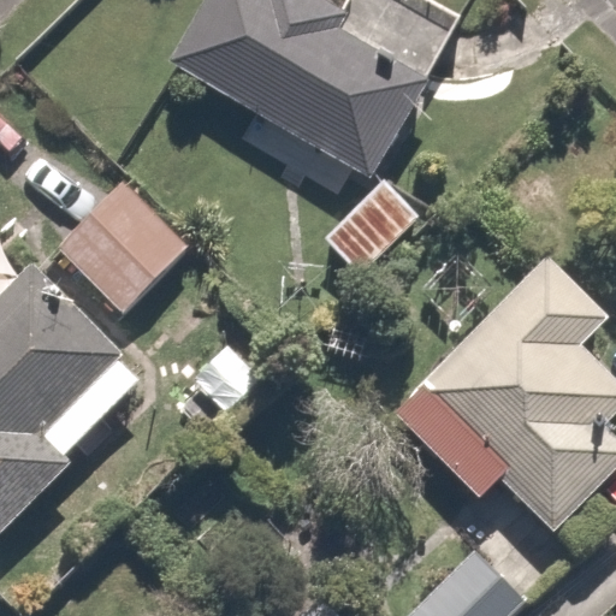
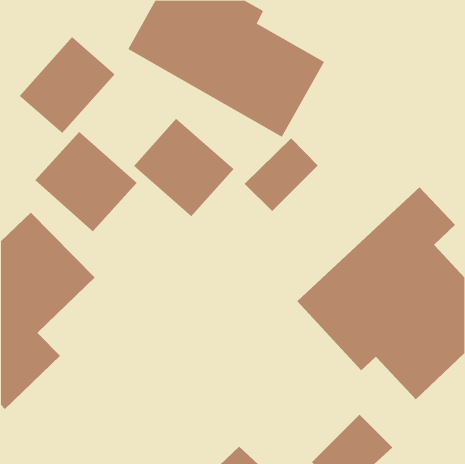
building: none -> [19,36,115,134]
building: none -> [133,118,234,217]

